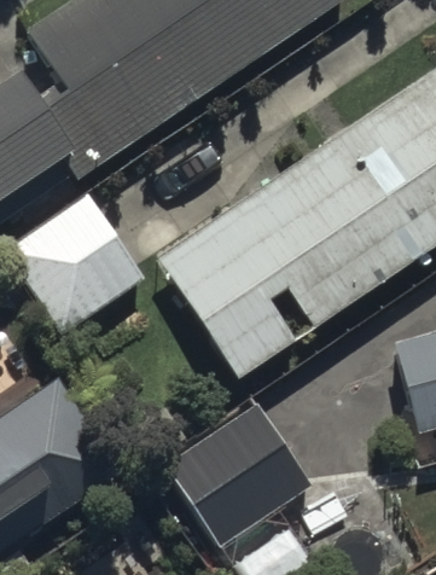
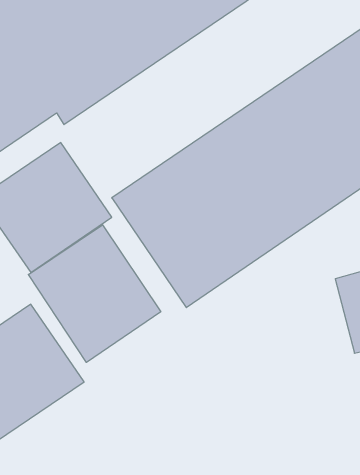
building: none -> [28,225,161,362]
building: [167,400,329,557] -> none

